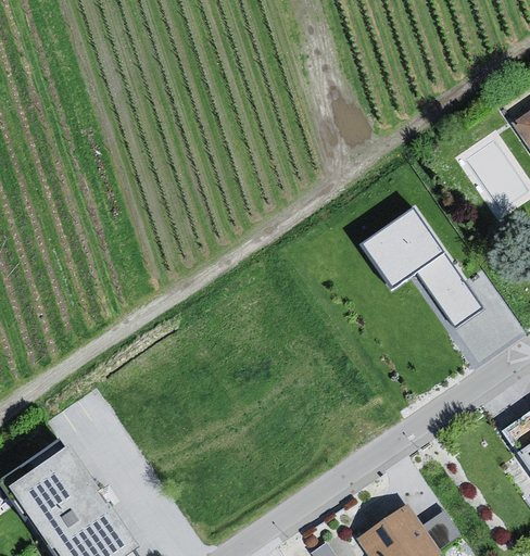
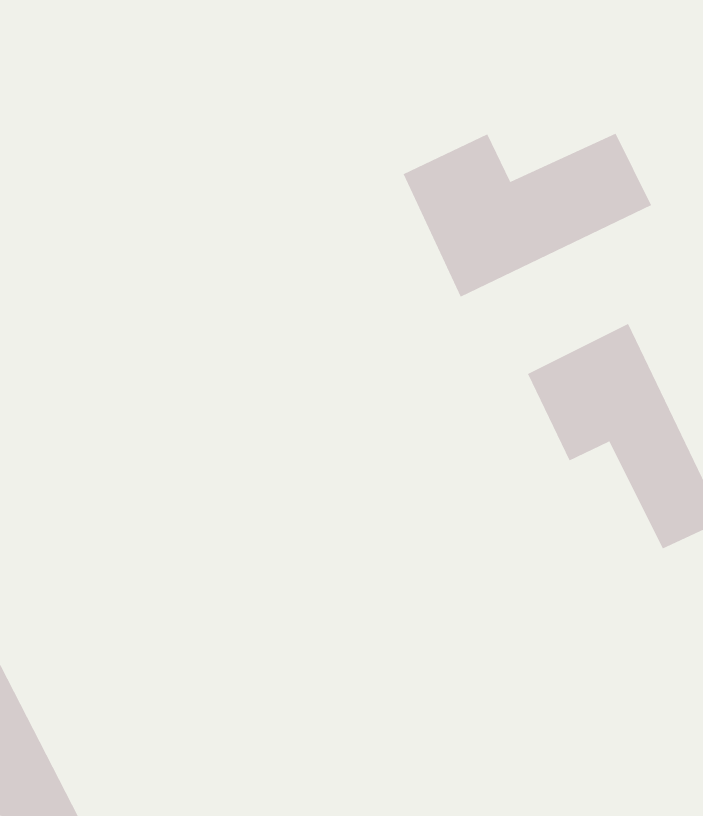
building: none -> [403,133,652,298]

